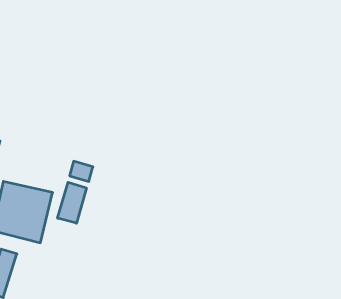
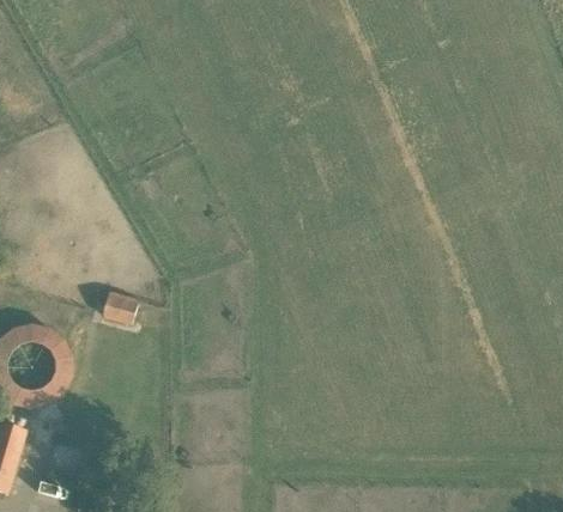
building: [58,182,86,223] -> none

